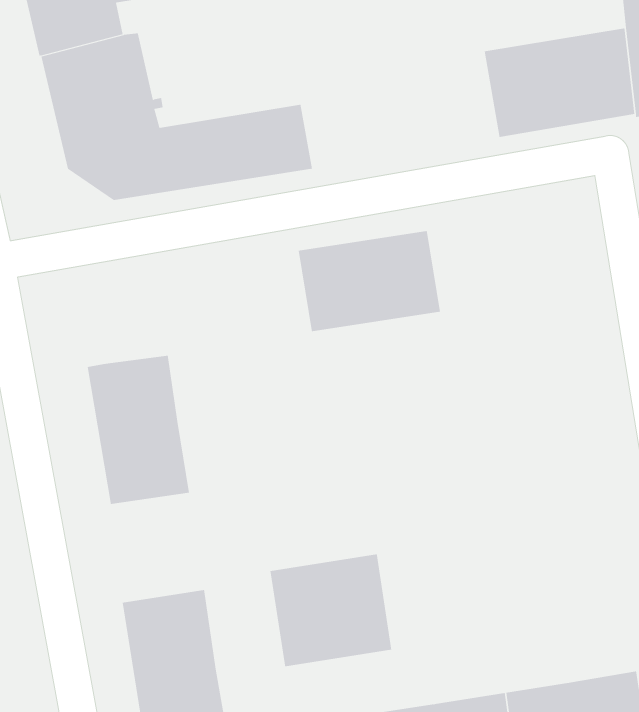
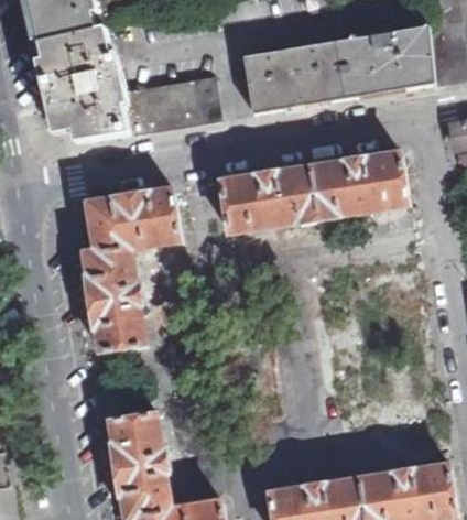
building: none -> [248,44,348,117]
building: none -> [301,149,401,217]
building: none -> [79,185,171,251]
building: [270,553,392,667] -> none

